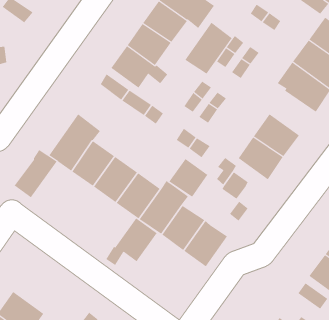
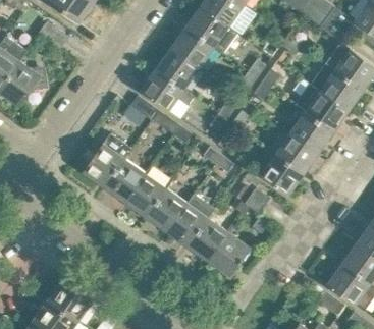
building: [184,22,232,75] -> none
building: none -> [289,112,333,154]
building: [14,149,57,198] -> none
building: [168,158,208,198] -> none
building: [105,217,157,266] -> none
building: none -> [49,278,94,321]

